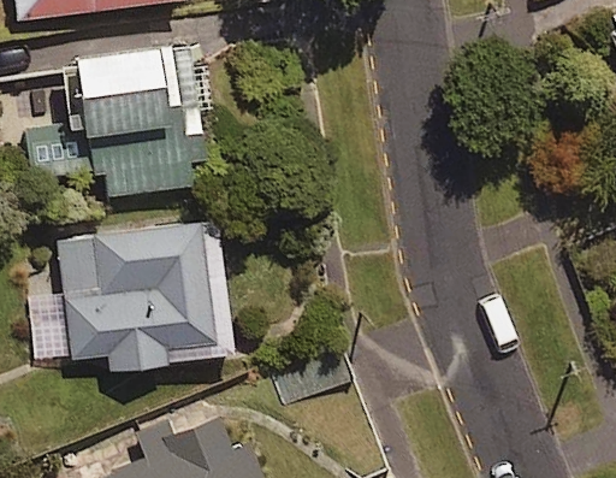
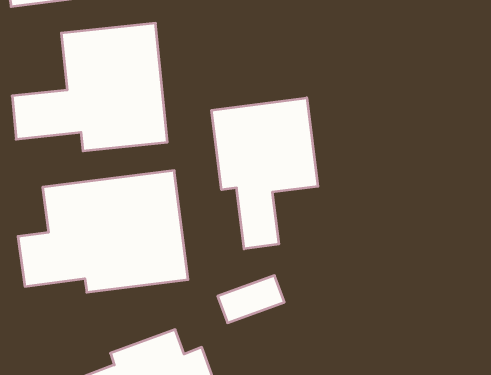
building: none -> [212,98,318,249]

